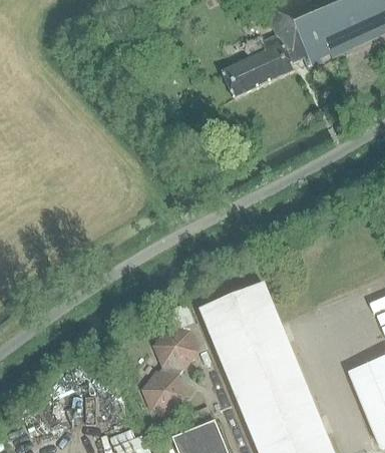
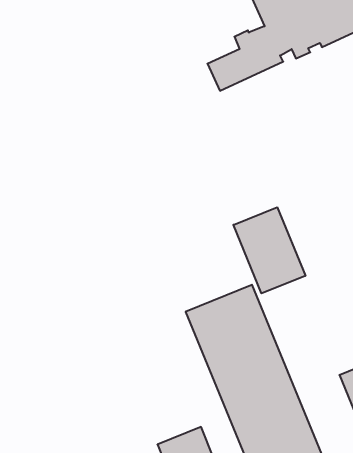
building: none -> [233,207,305,293]
building: [143,301,197,411] -> none

